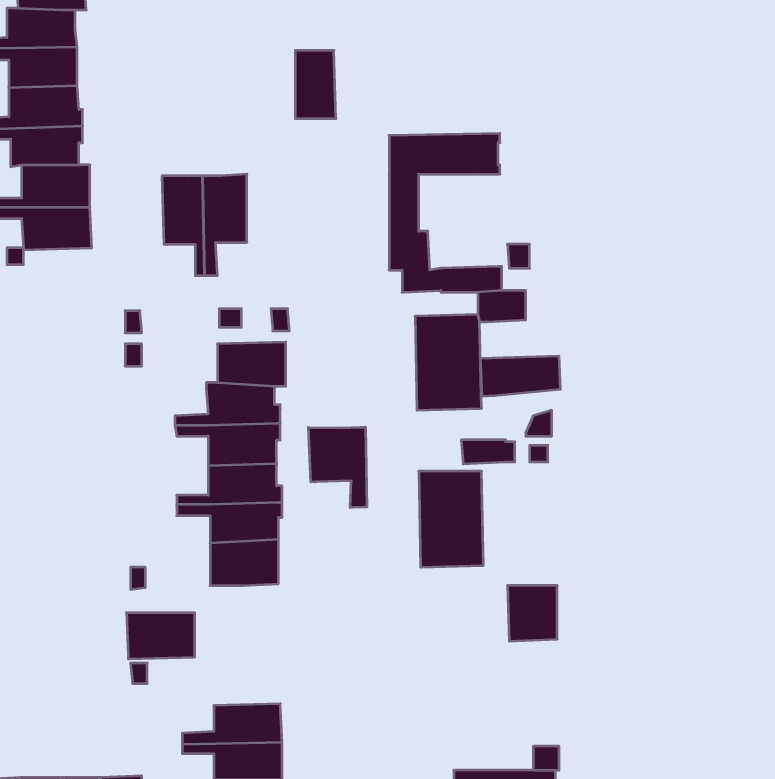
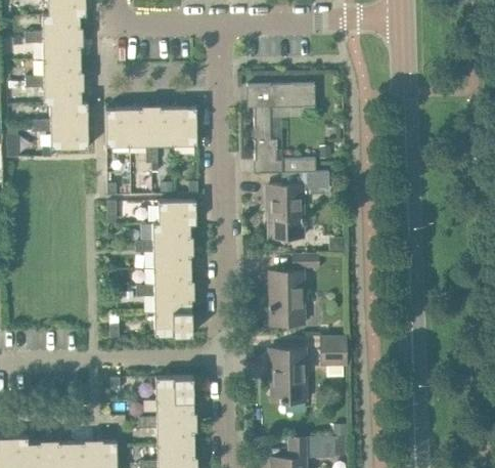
building: [295,50,336,119] -> [174,108,196,145]
building: none -> [104,109,128,146]
building: [480,356,560,396] -> none
building: [308,427,367,508] -> none
building: none -> [270,348,306,402]
building: [126,613,195,659] -> [154,377,192,402]

